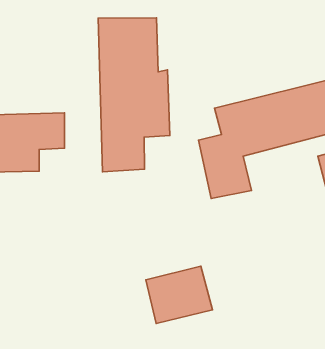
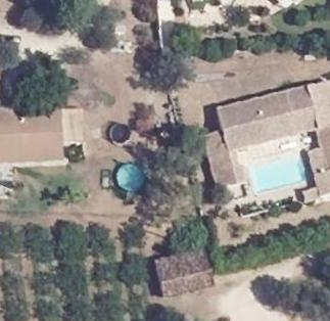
building: [98,18,170,172] -> none

